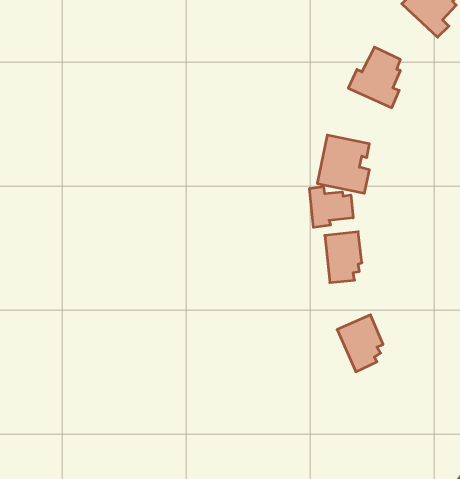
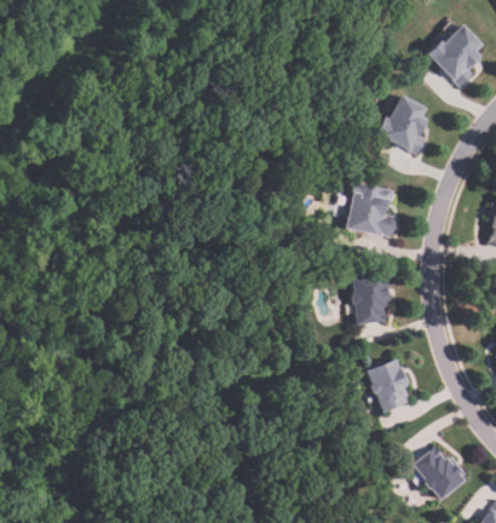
building: [310,187,353,227] -> none
building: none -> [413,449,468,500]

